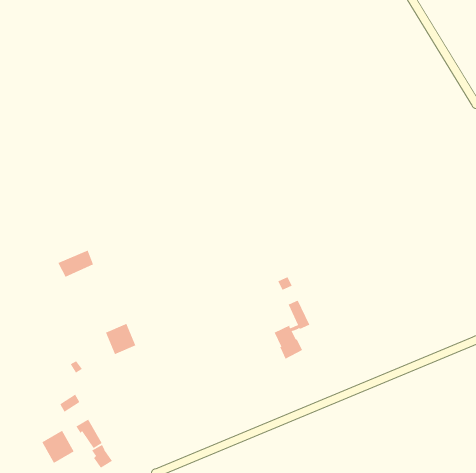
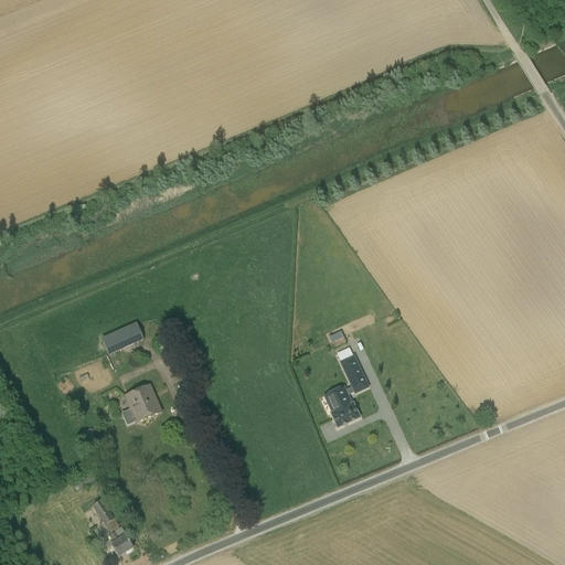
building: [58,250,94,278] -> [100,320,143,353]
building: [41,430,75,464] -> none

